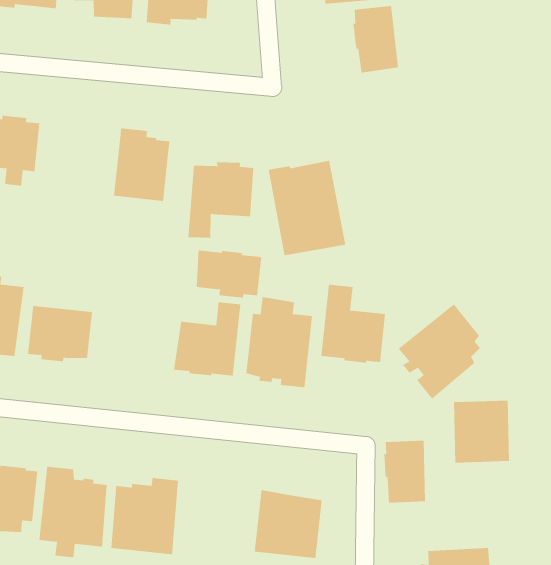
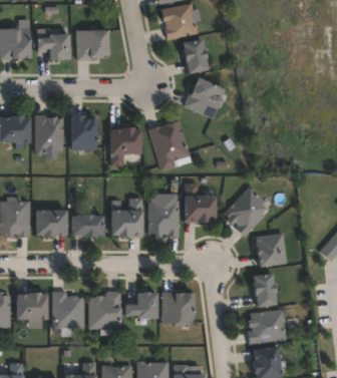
building: none -> [183,77,225,117]
building: none -> [34,113,62,152]
building: [196,250,262,298] -> [70,214,103,237]
building: [384,440,426,503] -> [253,273,277,307]
building: none -> [125,292,156,318]

